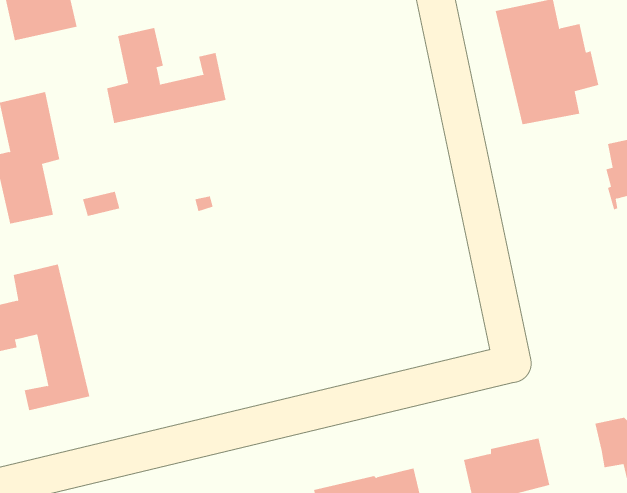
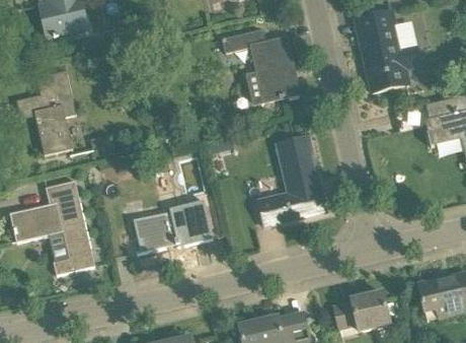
building: none -> [221,27,299,105]
building: [106,27,226,124] -> none
building: none -> [258,136,326,225]
building: none -> [128,204,207,254]

